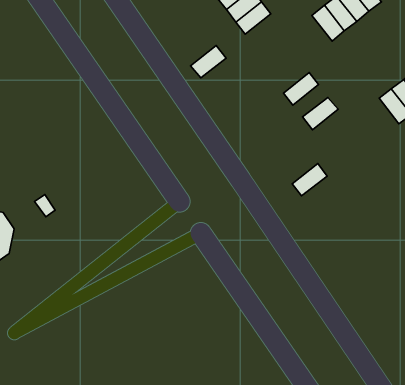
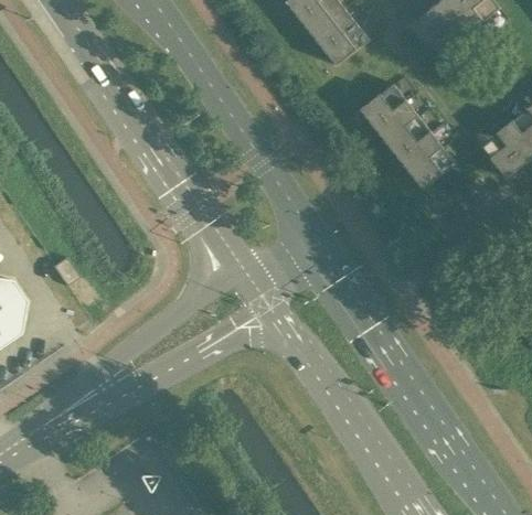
building: [190,45,226,78] -> [322,23,369,65]
building: none -> [359,84,405,126]
building: none -> [384,115,429,157]
building: none -> [479,132,521,179]
building: [292,164,327,196] -> [409,147,455,189]

